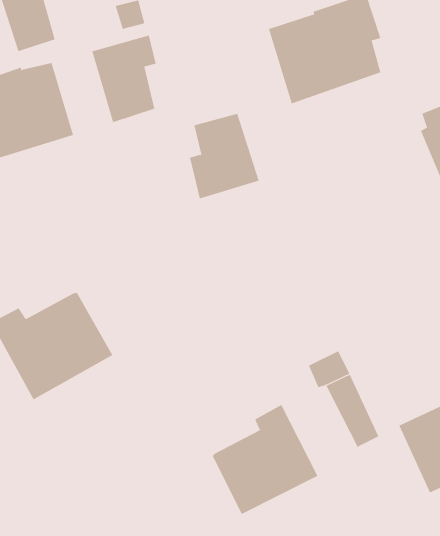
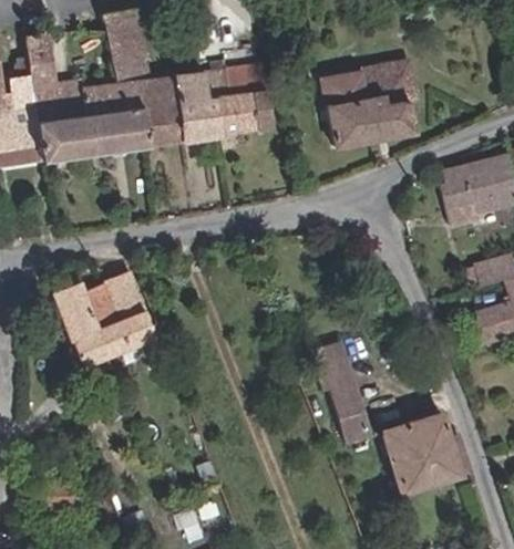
building: none -> [111,62,182,145]
building: [189,113,260,199] -> [216,65,273,133]
building: [212,404,318,515] -> none

